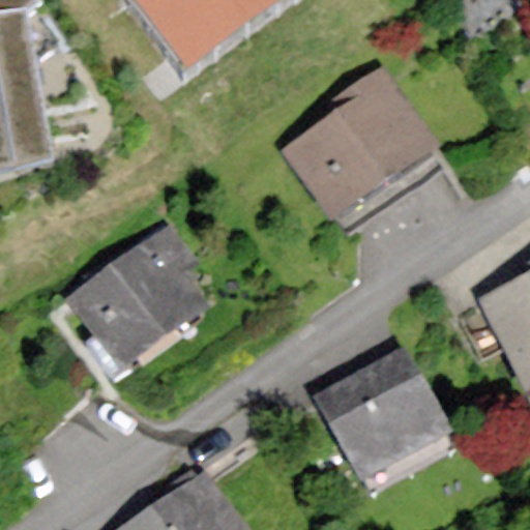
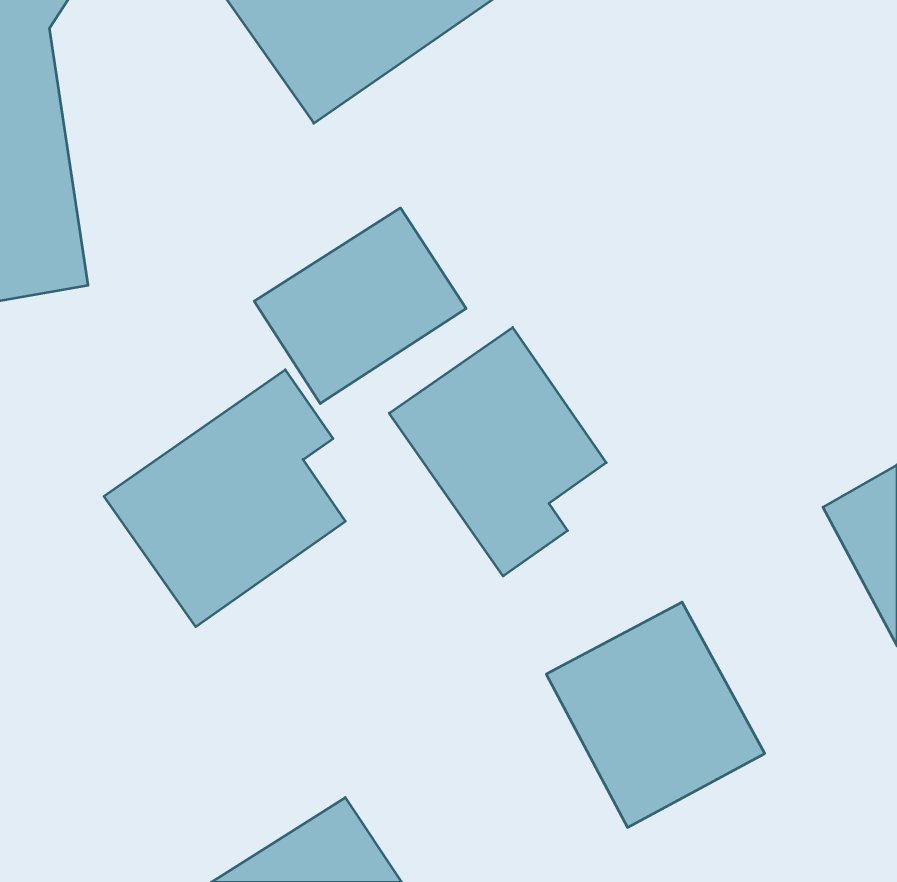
building: [276,60,442,227] -> none
building: none -> [254,208,466,404]
building: none -> [389,327,606,576]

